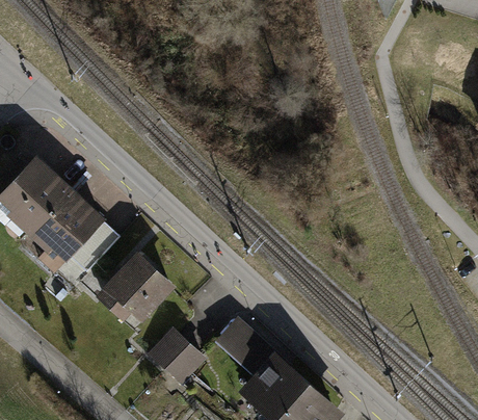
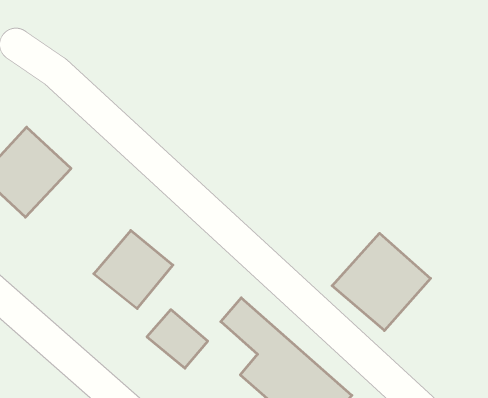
building: [31,194,122,286] -> none
building: none -> [332,233,431,331]

